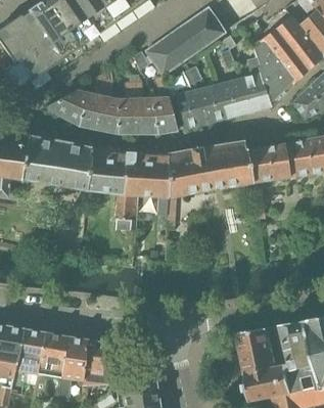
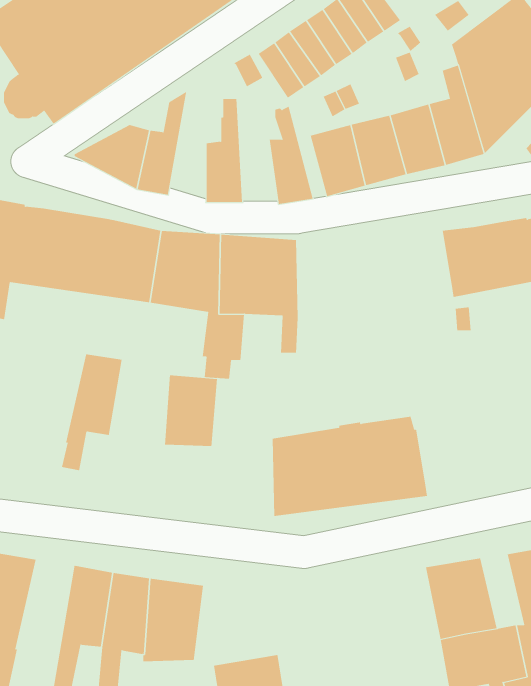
building: [96,69,117,132] -> none
building: [134,75,156,133] -> none
building: [167,140,252,195] -> [272,416,428,517]
building: none -> [164,375,217,447]
building: [10,328,44,393] -> [61,354,123,471]

